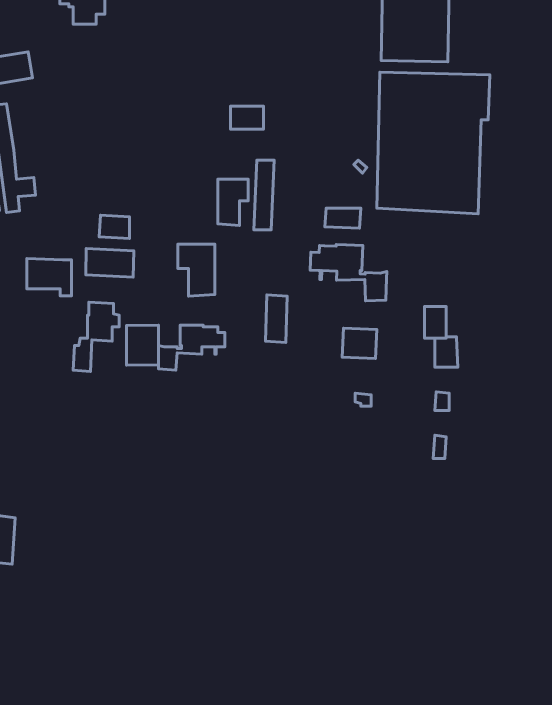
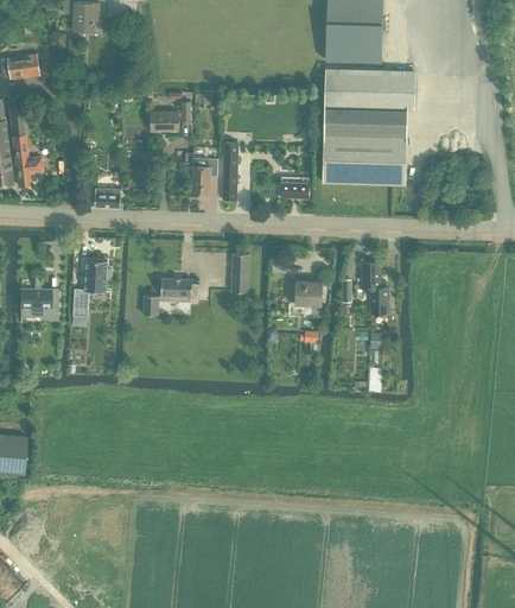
building: [230,106,264,129] -> [151,112,178,131]
building: [178,244,215,296] -> none
building: [310,244,387,301] -> none
building: [86,249,134,277] -> none
building: [27,258,72,296] -> [20,289,57,319]
building: [127,325,158,365] -> none

